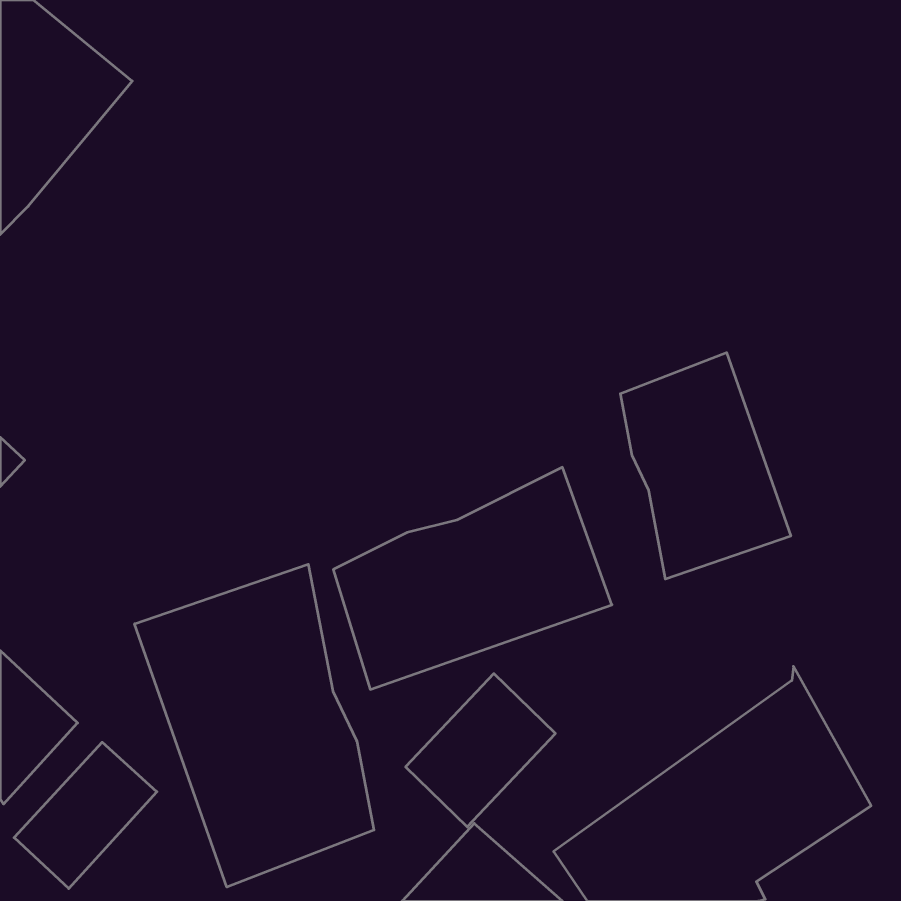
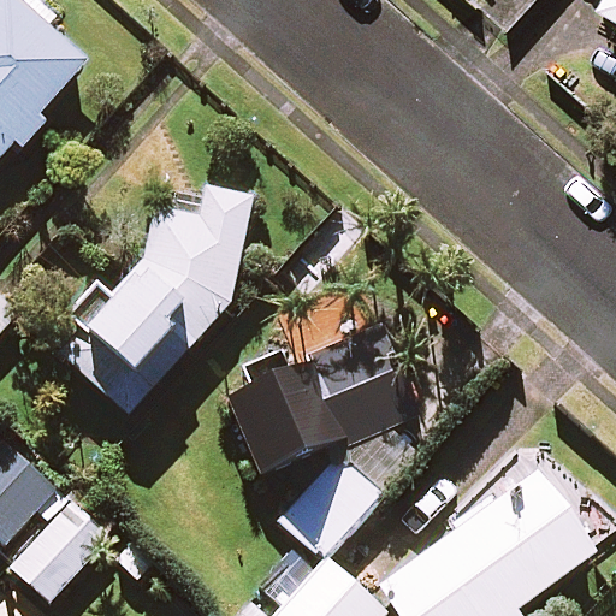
building: none -> [63,185,247,405]
building: [620,353,791,579] -> none
building: [135,564,374,887] -> none

